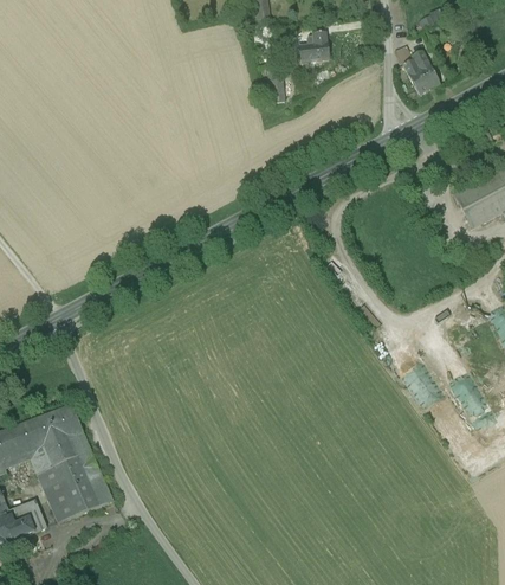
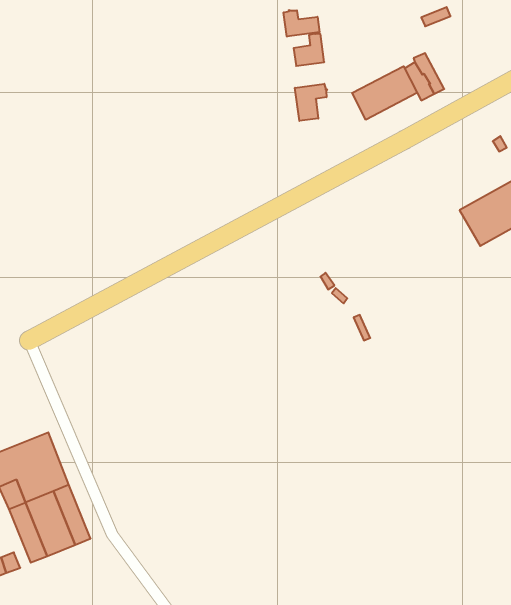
building: none -> [284,10,319,37]
building: none -> [352,66,417,120]
building: none -> [295,84,327,121]

